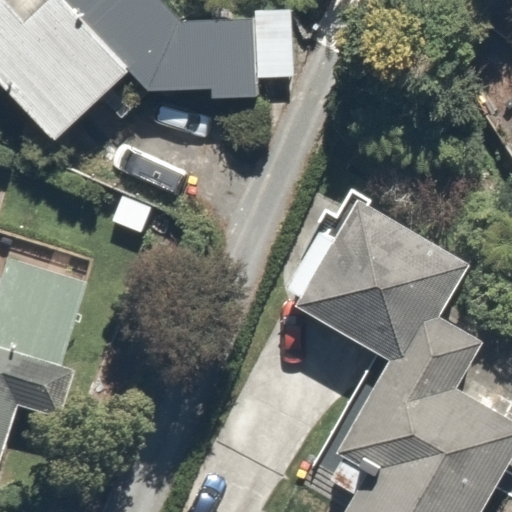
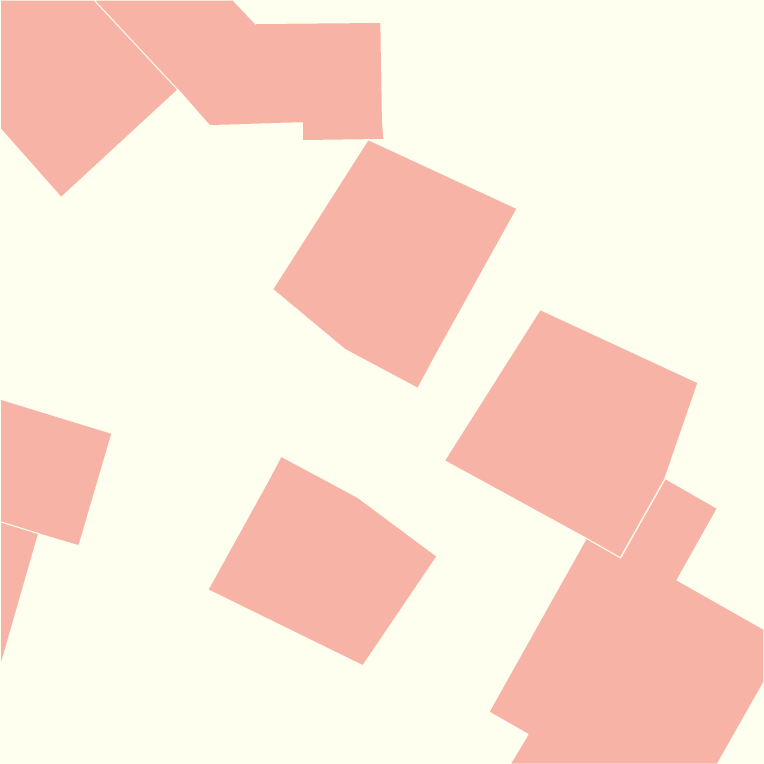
building: none -> [273,139,517,389]
building: none -> [208,456,437,666]

